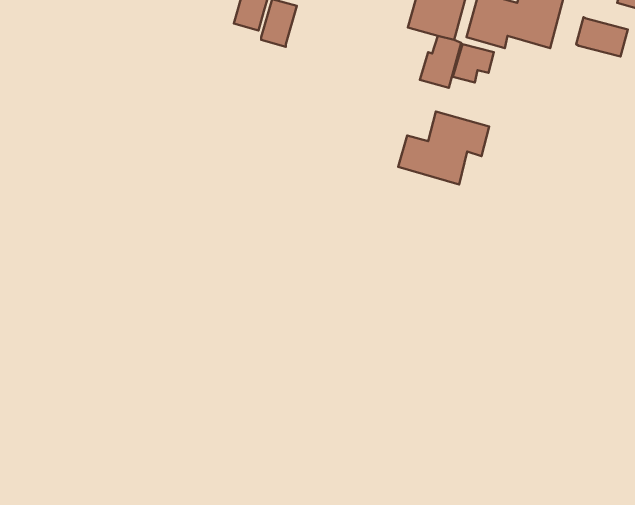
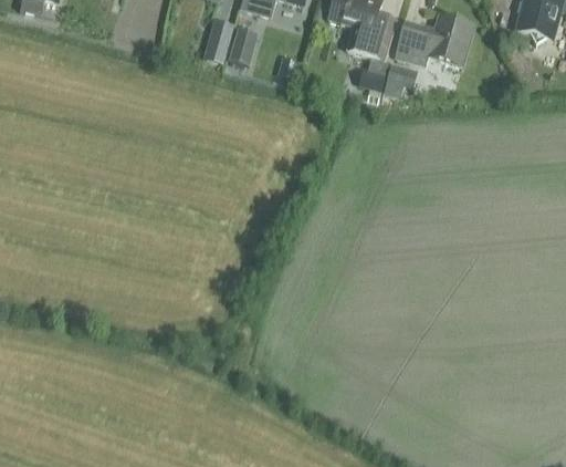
building: [576,17,628,57] -> none
building: [398,112,489,184] -> none

